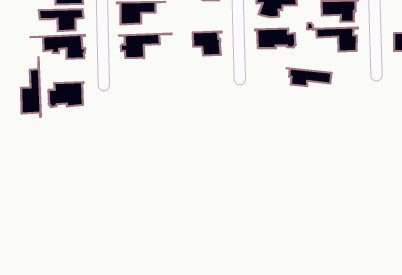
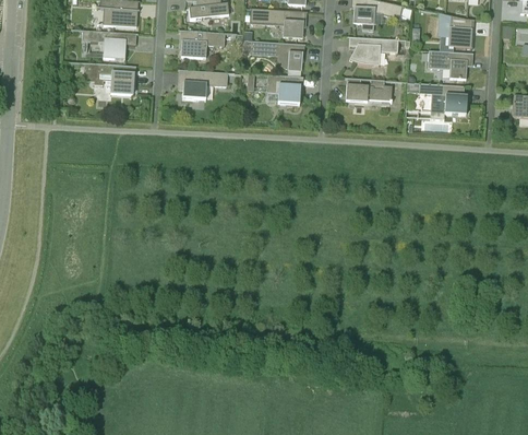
building: none -> [242,40,304,70]
building: [21,57,41,117] -> none
building: [287,68,331,86] -> none
building: [49,82,84,107] -> none

